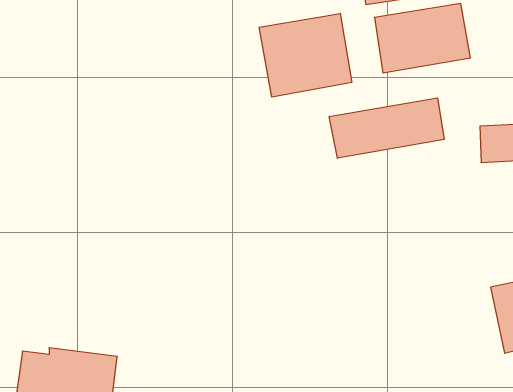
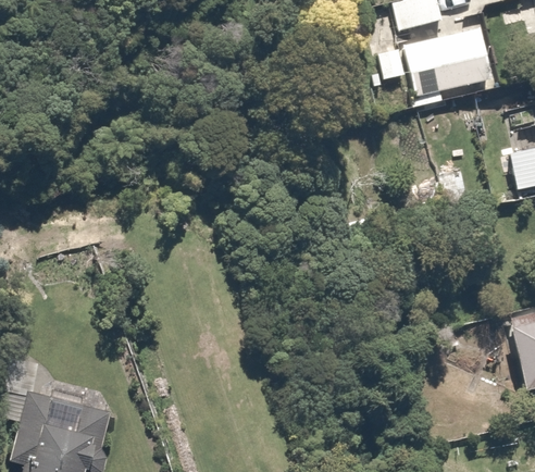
building: [259,13,352,97] -> none
building: [329,98,444,158] -> none

